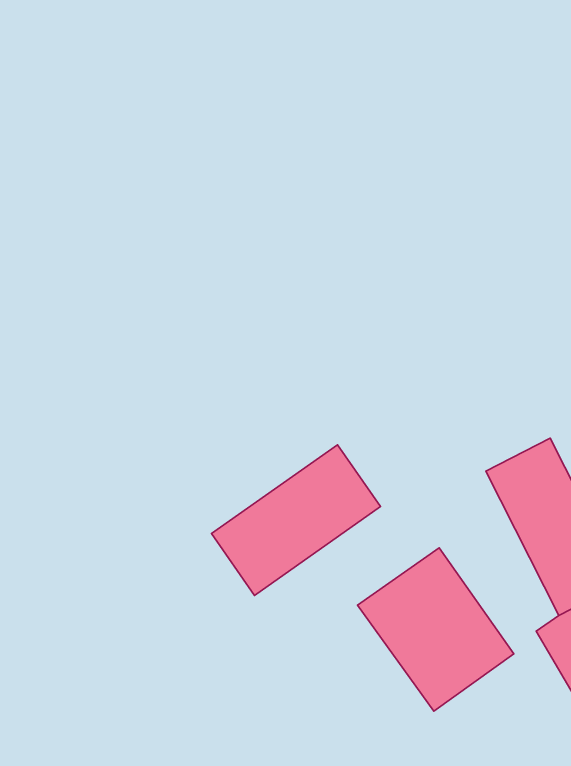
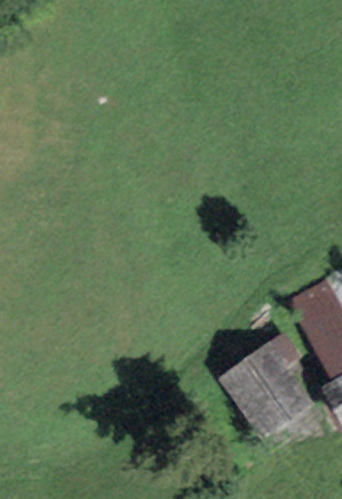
building: [211,445,380,595] -> none

